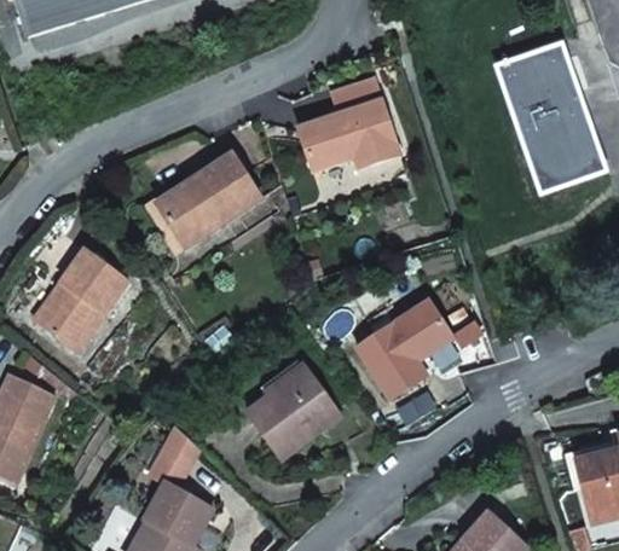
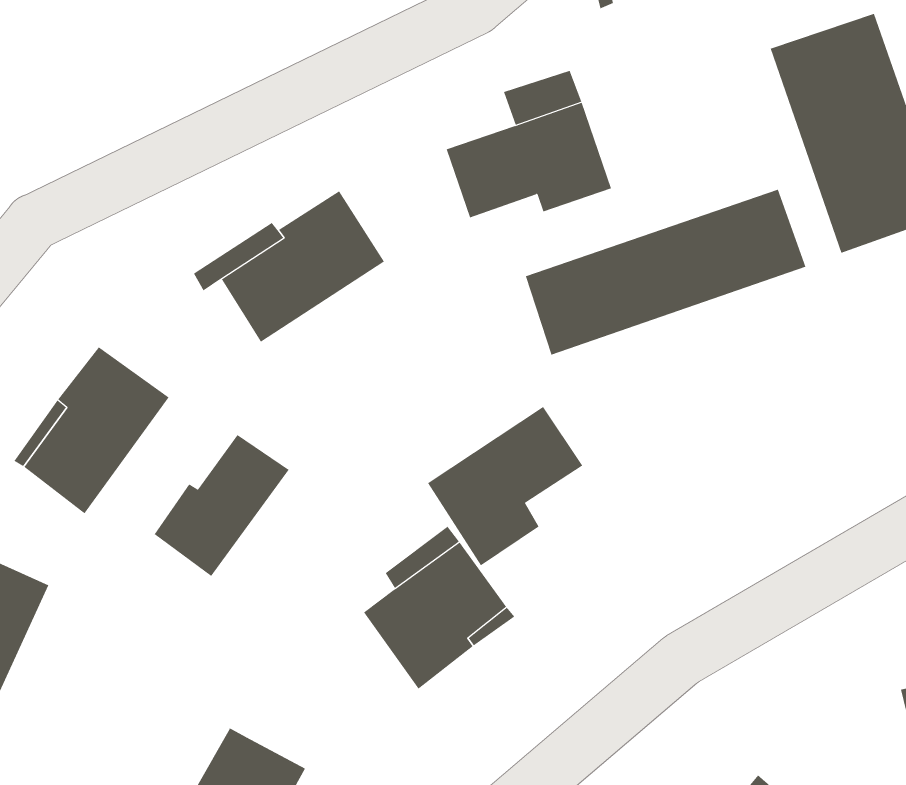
building: none -> [525,189,806,356]
building: [358,300,453,398] -> [427,406,583,566]
building: none -> [154,434,289,577]
building: [151,428,198,487] -> none

